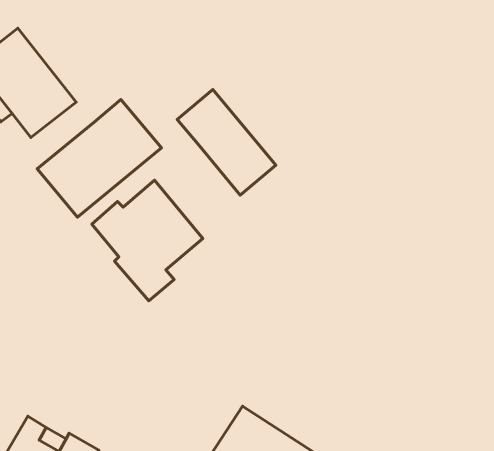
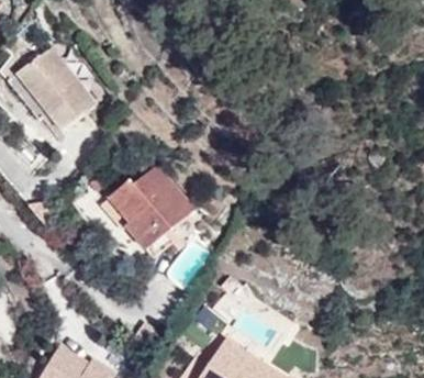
building: [177,89,276,195] -> none
building: [37,99,161,217] -> none

